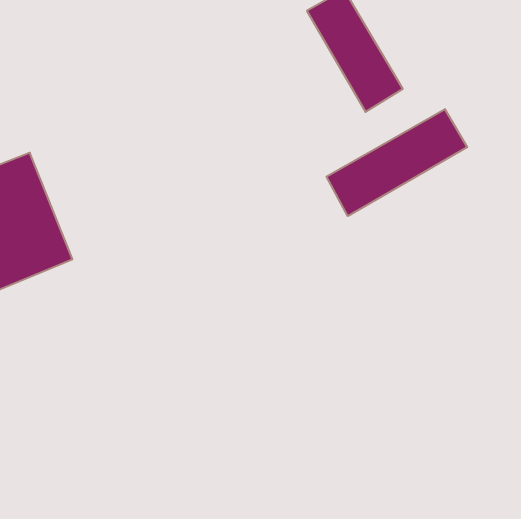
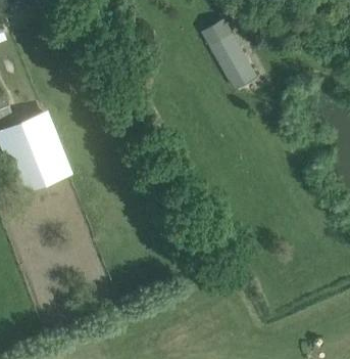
building: [327,109,467,216] -> none

